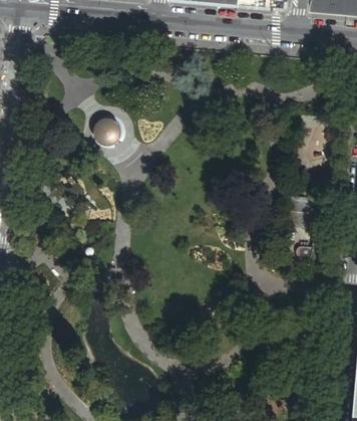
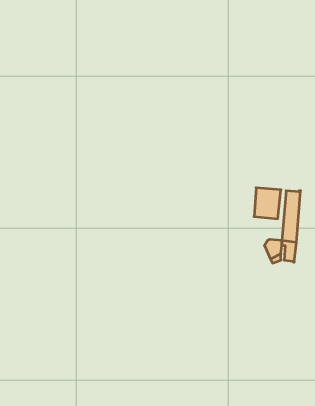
building: [92,121,119,148] -> none

